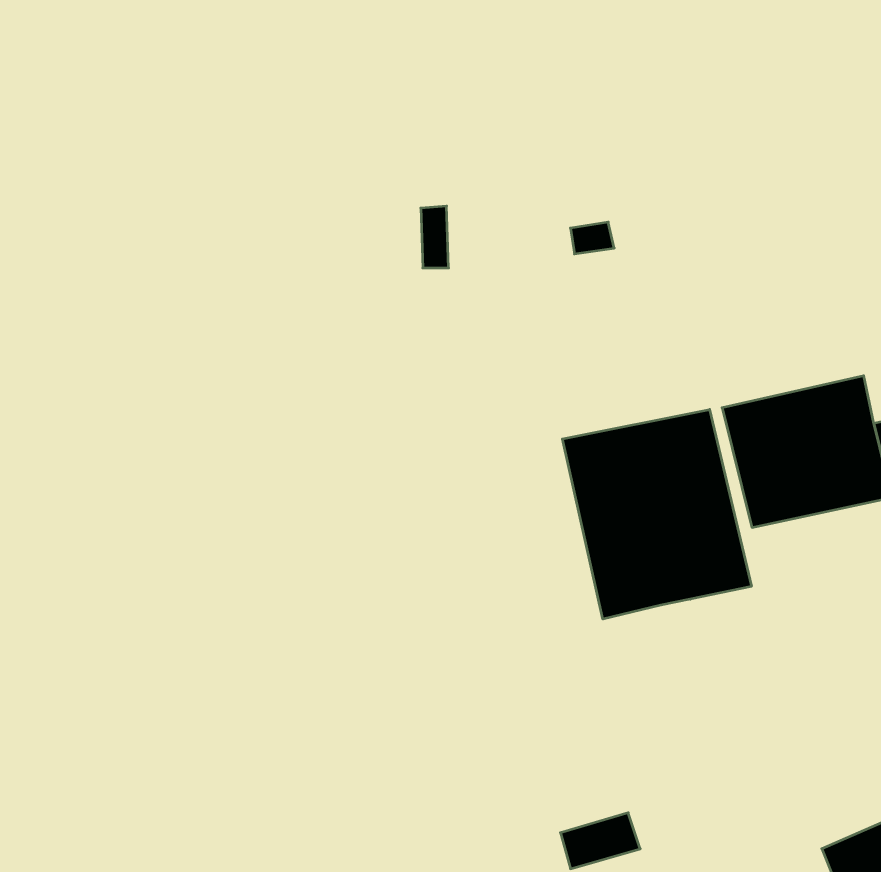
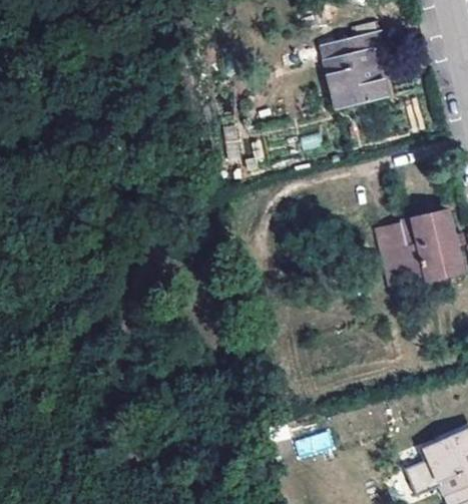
building: none -> [321,29,386,108]
building: [562,409,751,619] -> none

